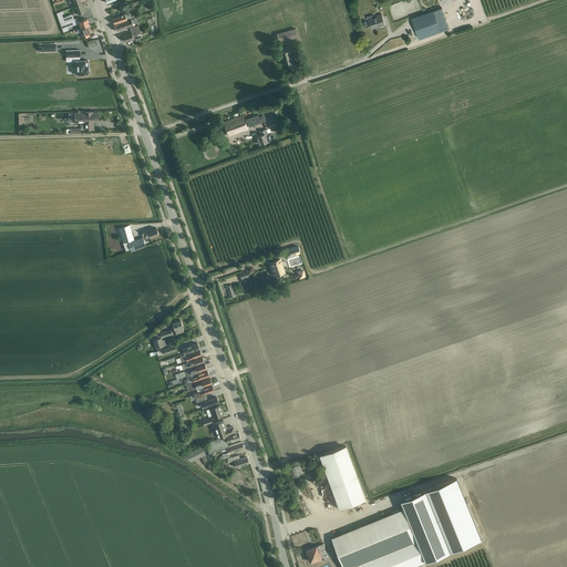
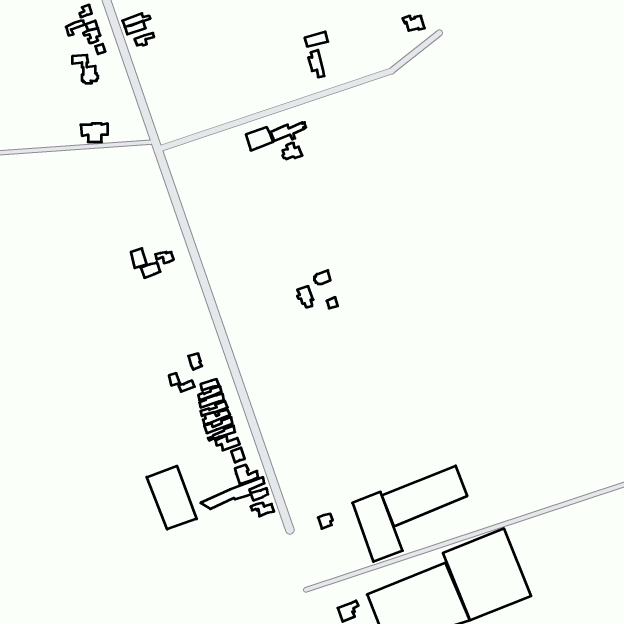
building: [411,12,440,40] -> none
building: none -> [382,466,467,526]
building: none -> [147,466,197,529]

